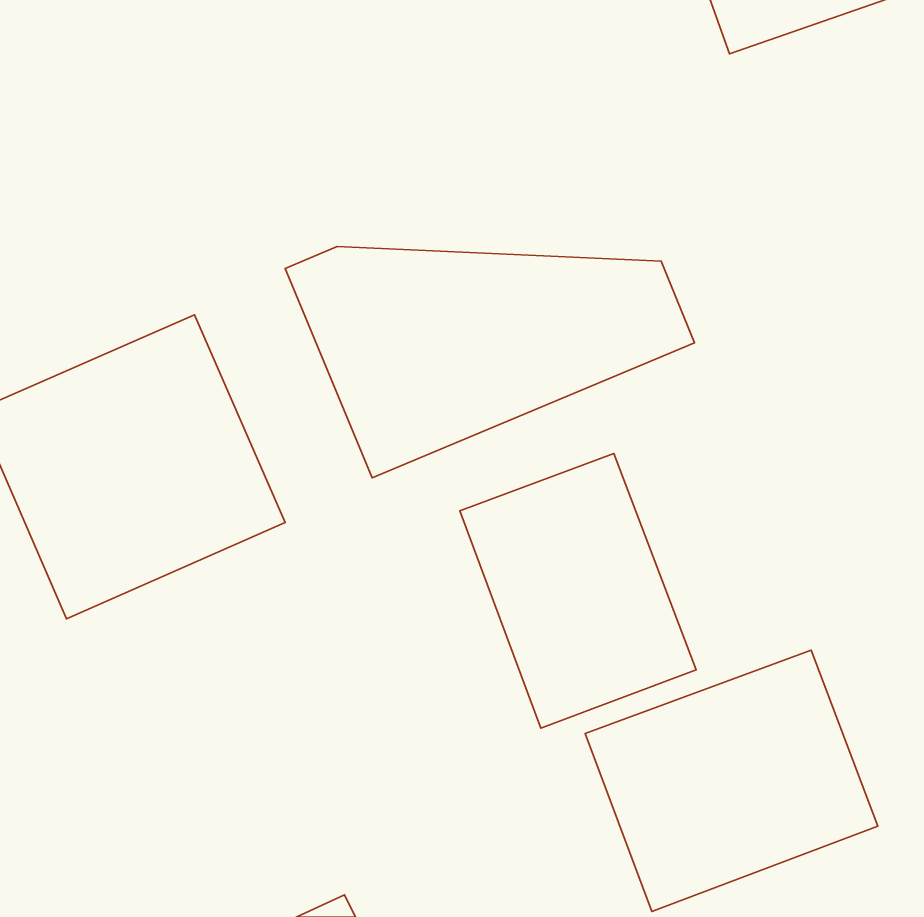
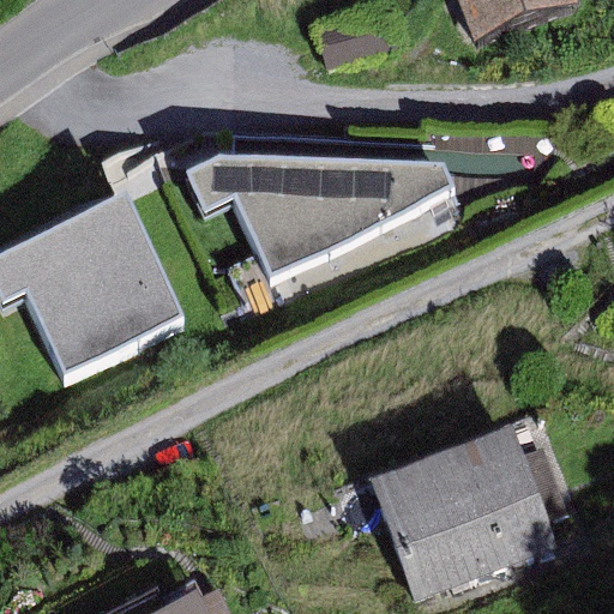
building: [460,454,696,728] -> none

